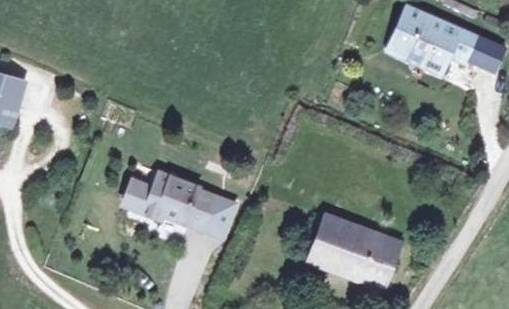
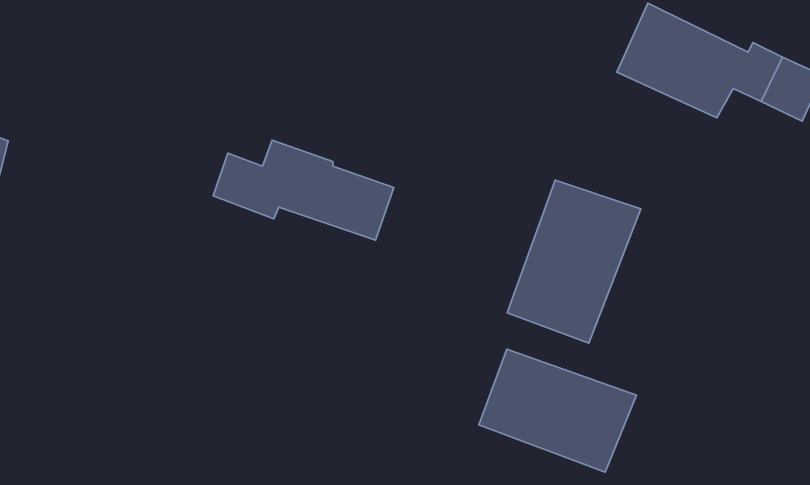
building: none -> [507,180,641,343]
building: [125,171,235,232] -> [213,140,394,240]

